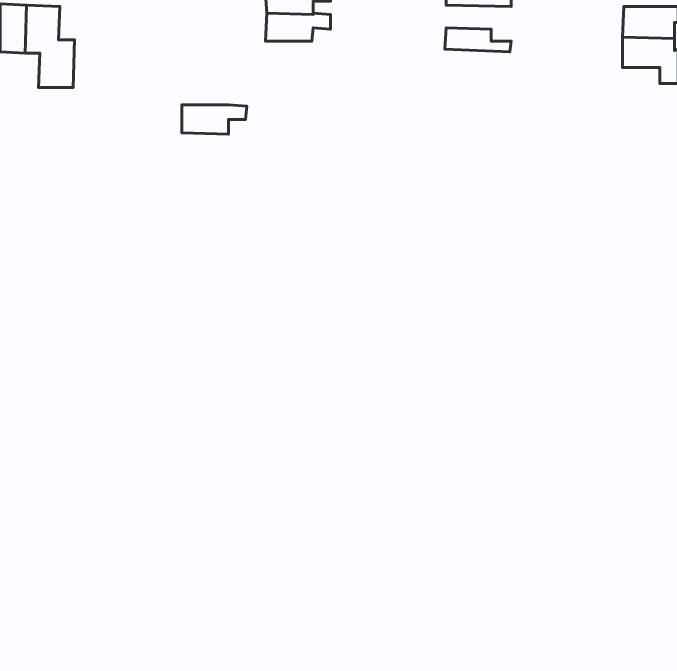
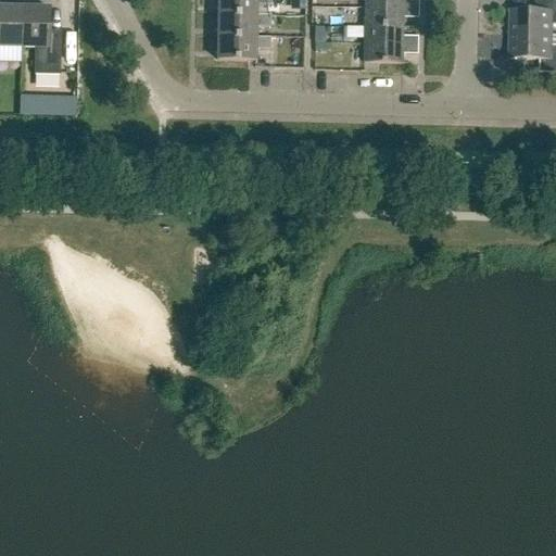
building: none -> [366,4,419,24]
building: none -> [365,40,418,61]
building: [182,105,247,134] -> [218,34,271,58]
building: none -> [35,94,77,113]

